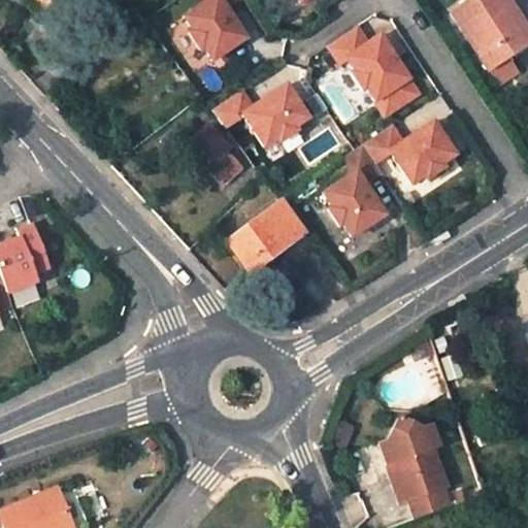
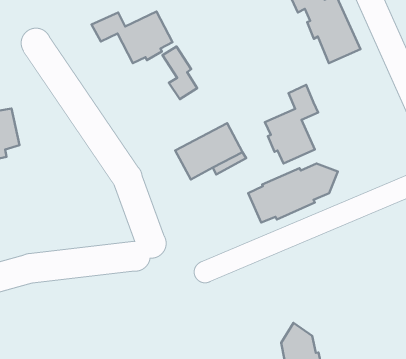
building: [214,81,309,144] -> [92,11,173,63]
building: [364,123,456,184] -> none
building: none -> [248,164,338,223]

